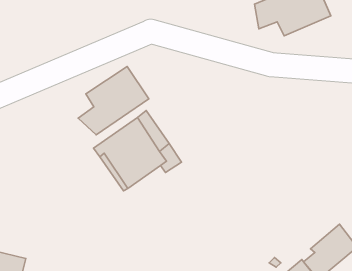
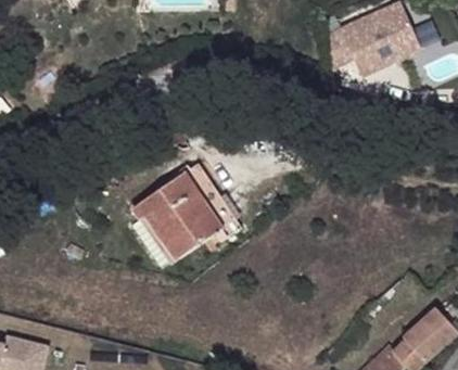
building: [78,66,149,135] -> none

